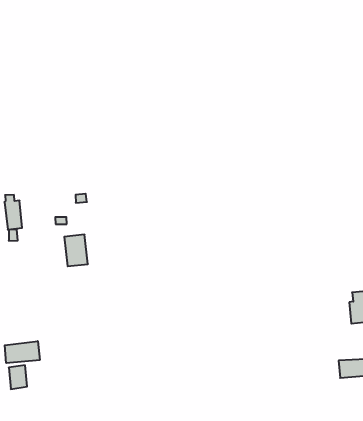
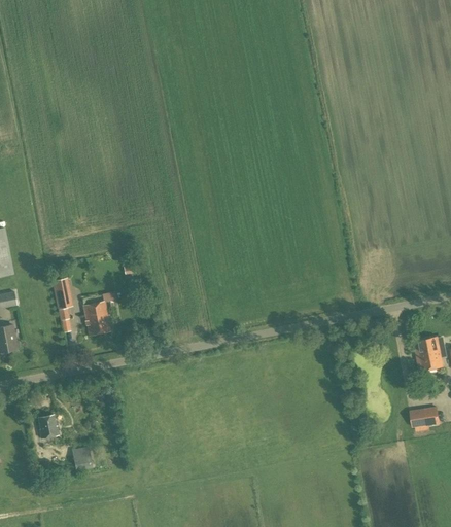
building: [64,235,88,266] -> [83,302,110,336]
building: [5,341,40,363] -> none

